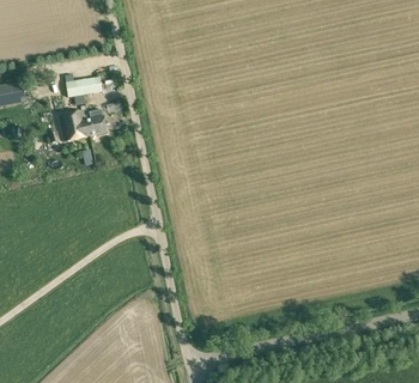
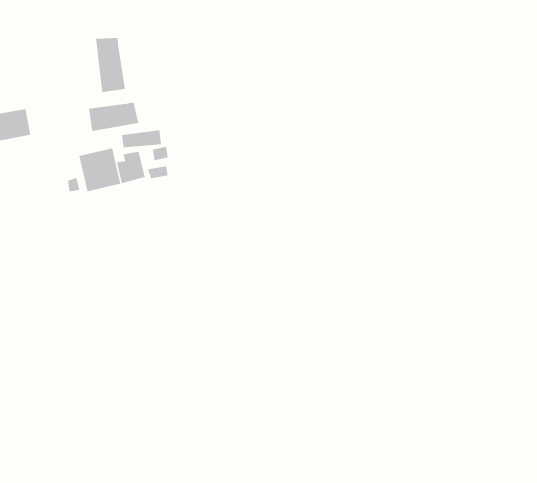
building: none -> [96,37,125,93]

